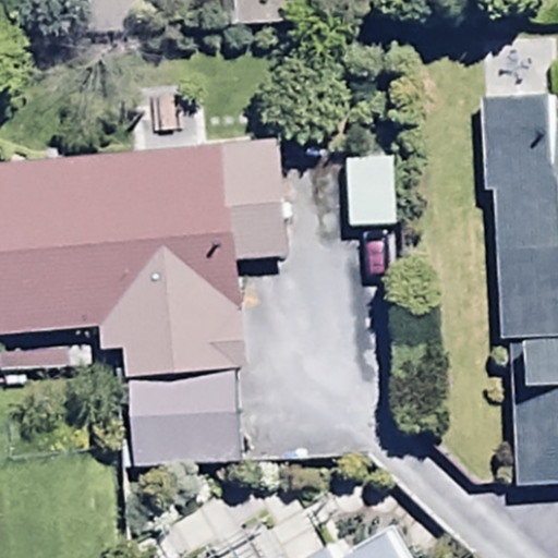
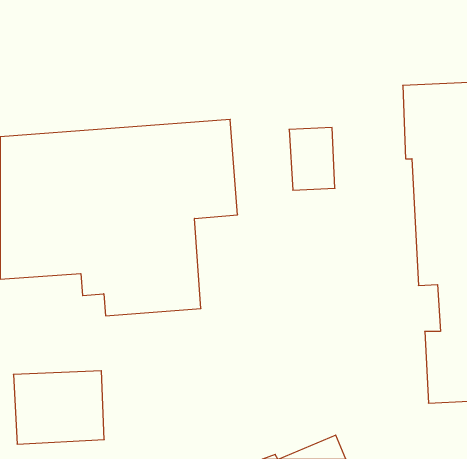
building: [130,378,238,465] -> [13,371,104,444]

